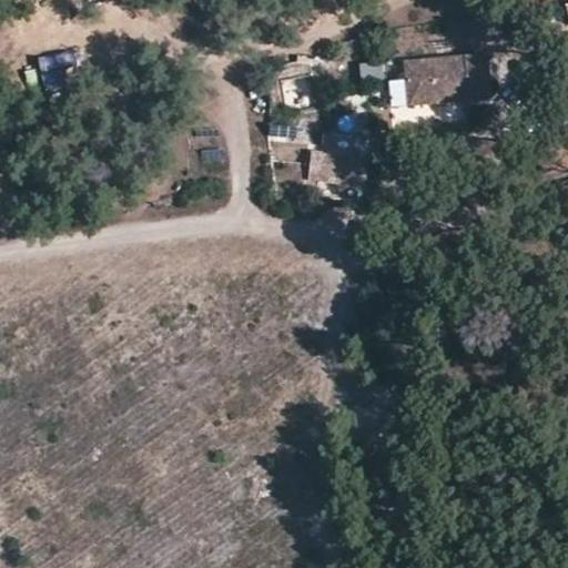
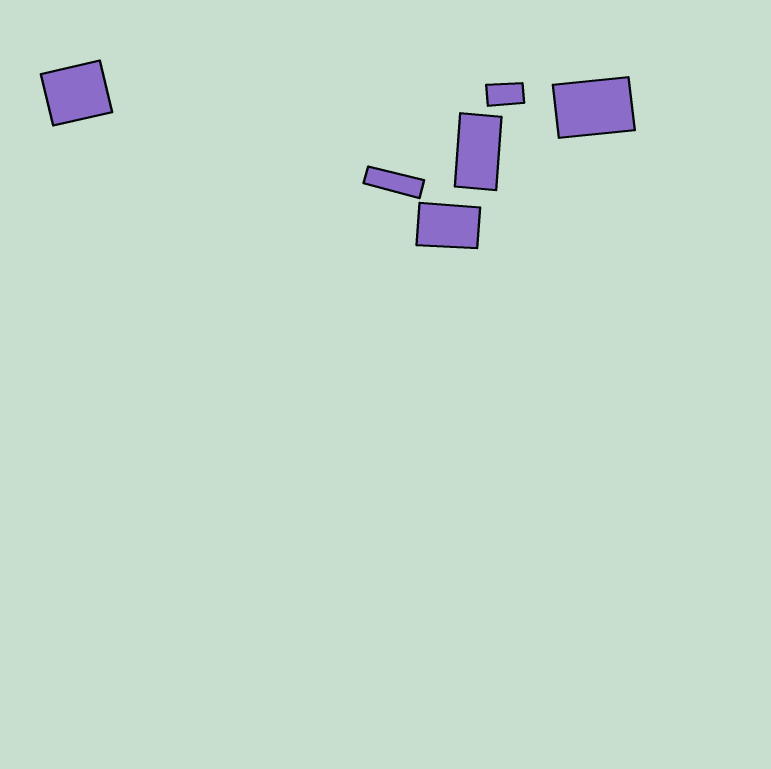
building: none -> [455,113,501,190]

